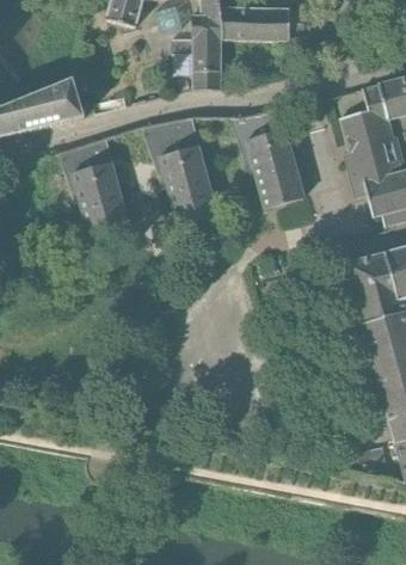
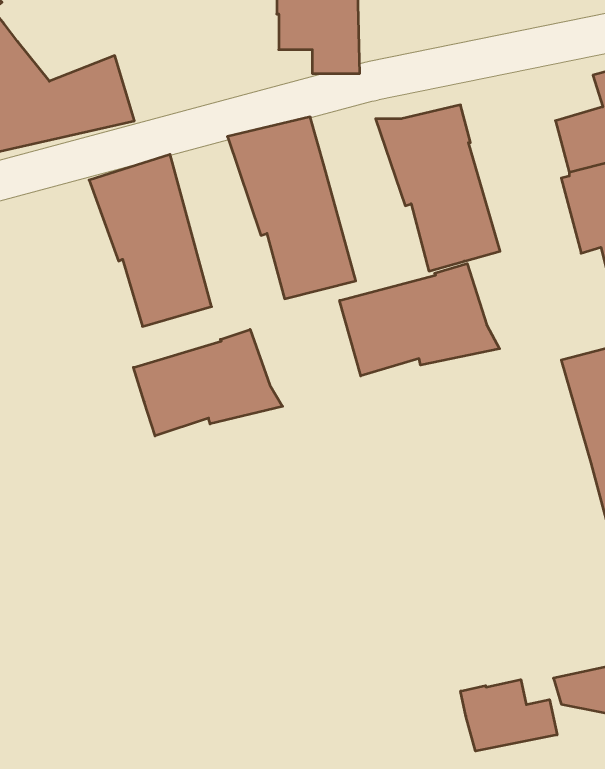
building: none -> [340,264,500,376]
building: none -> [133,329,283,436]
building: none -> [461,680,557,751]

